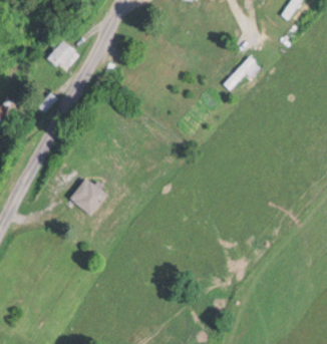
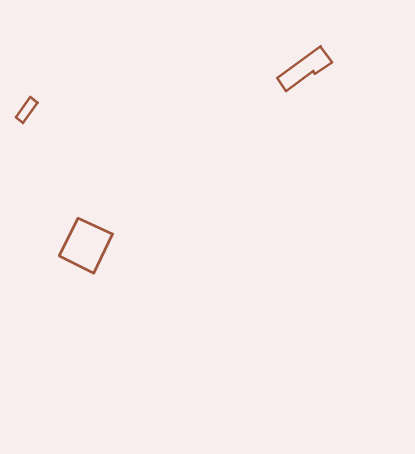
building: [47,41,77,71] -> none

